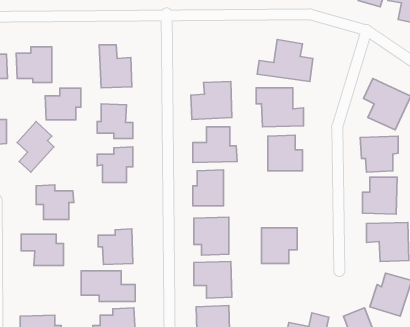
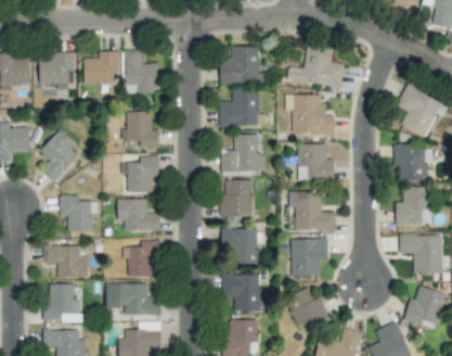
building: none -> [220,46,266,85]
building: [45,88,81,120] -> [83,51,120,84]
building: none -> [288,191,336,230]
building: none -> [117,199,160,230]
building: none -> [44,283,82,321]
building: none -> [285,284,328,331]

